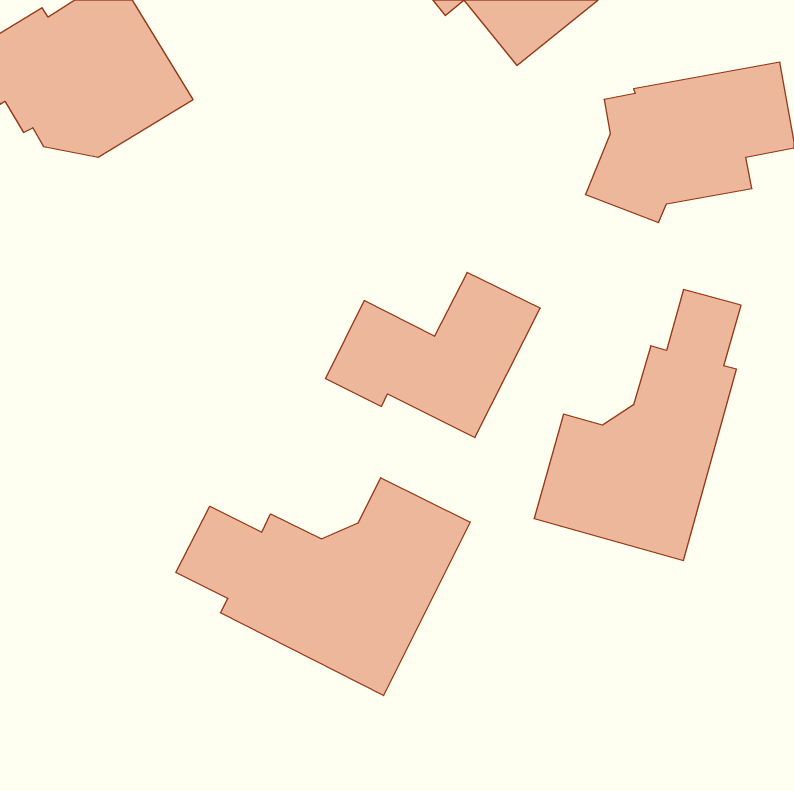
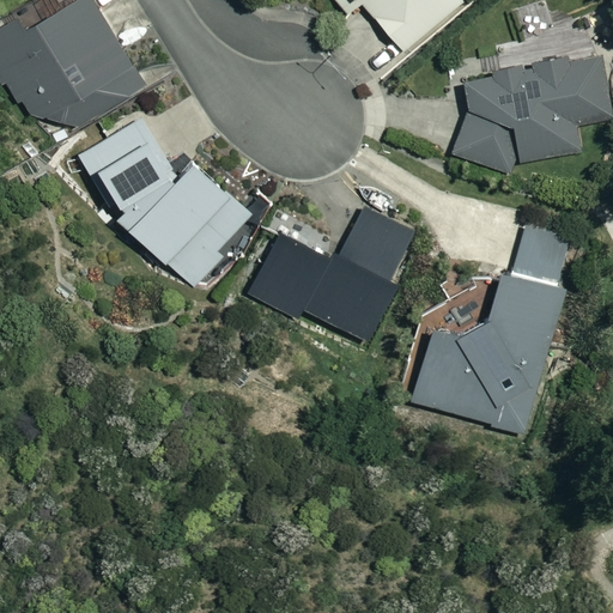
building: none -> [77,117,250,290]
building: [176,478,470,696] -> none

